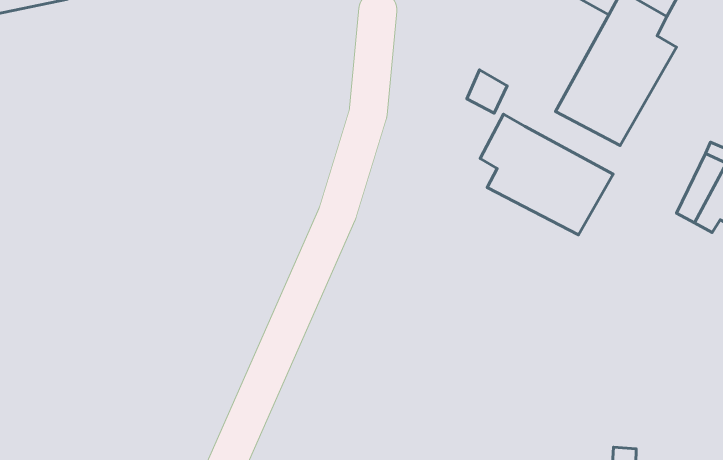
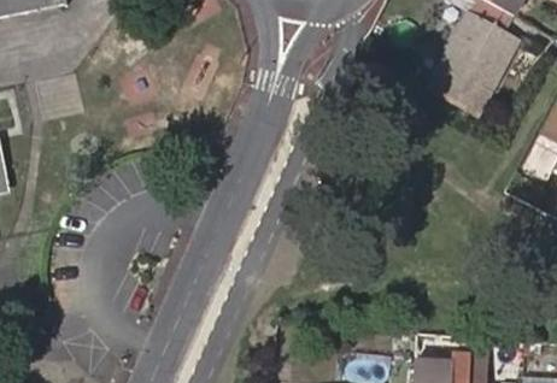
building: [480,114,613,235] -> none

